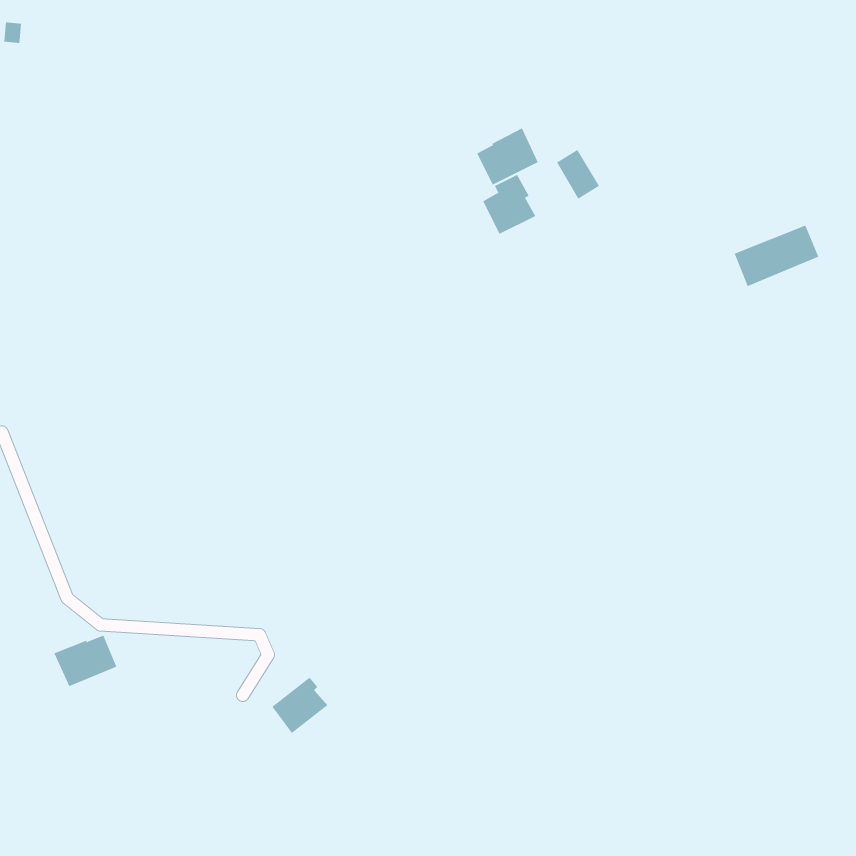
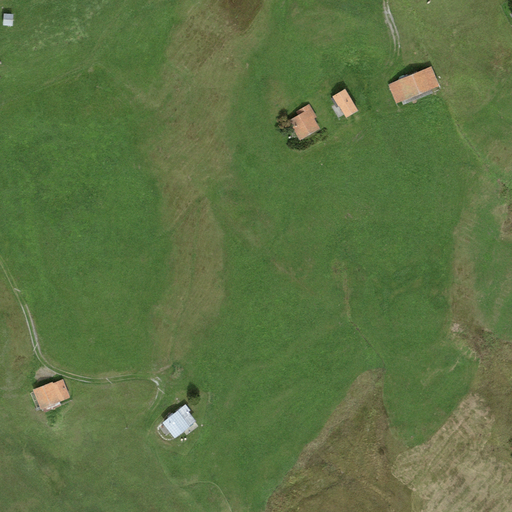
building: [477,128,539,185] -> none
building: [734,225,819,287] -> [388,67,439,104]

